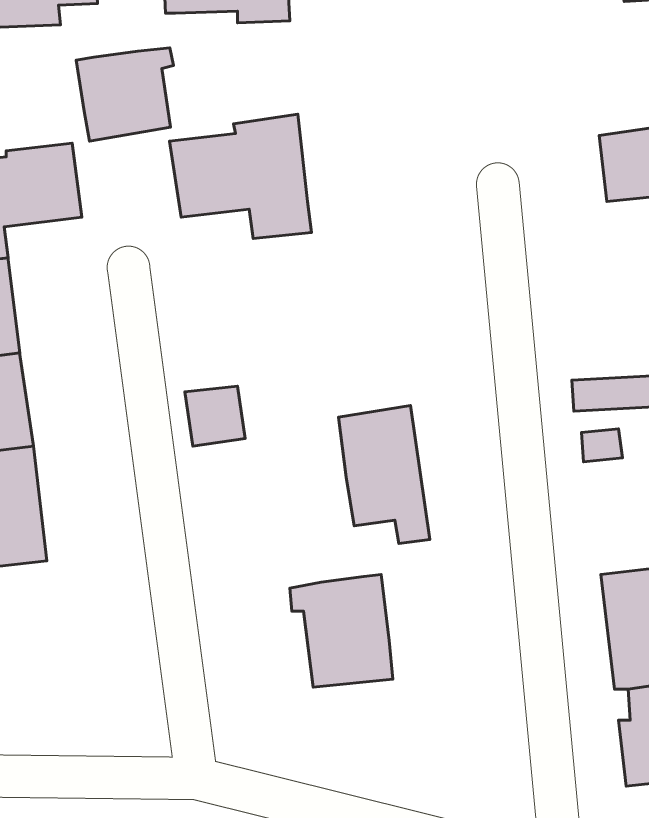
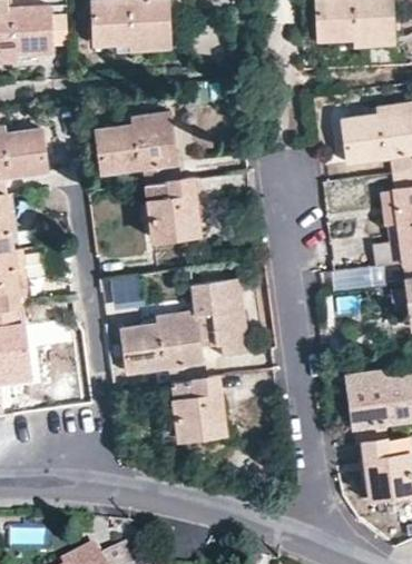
building: [76,48,174,141] -> none
building: none -> [146,178,199,239]
building: none -> [122,320,209,384]

